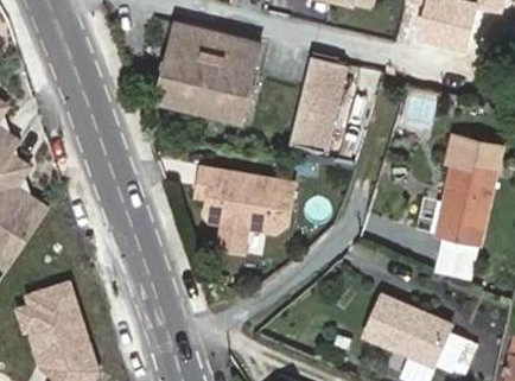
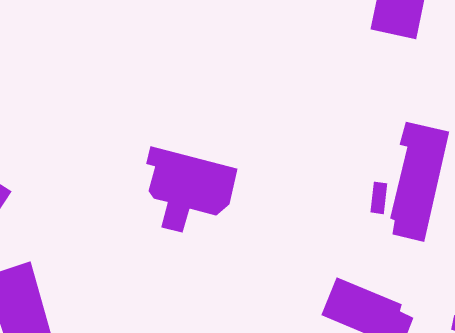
building: [159,24,259,120] -> none
building: [291,57,343,151] -> none

